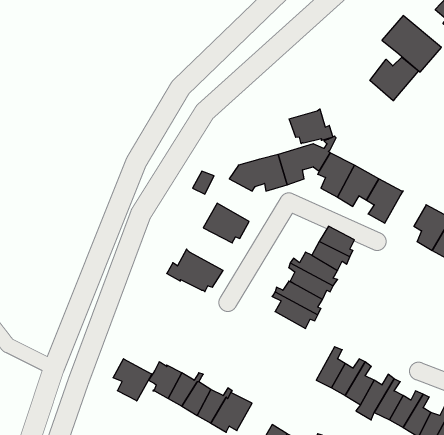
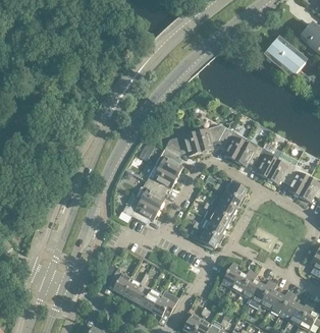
building: [370,57,419,101] -> none
building: [289,109,333,144] -> none
building: none -> [155,148,182,176]
building: none -> [267,156,295,183]
building: none -> [137,180,165,209]
building: [113,359,153,401] -> none

